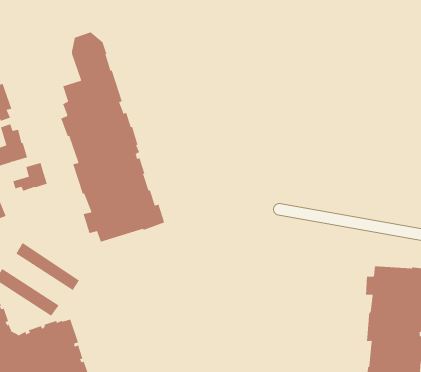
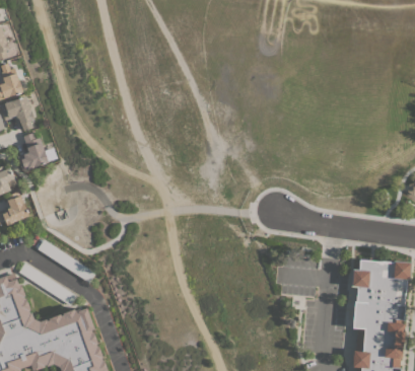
building: [60,32,165,242] -> none
building: [13,162,48,192] -> none

